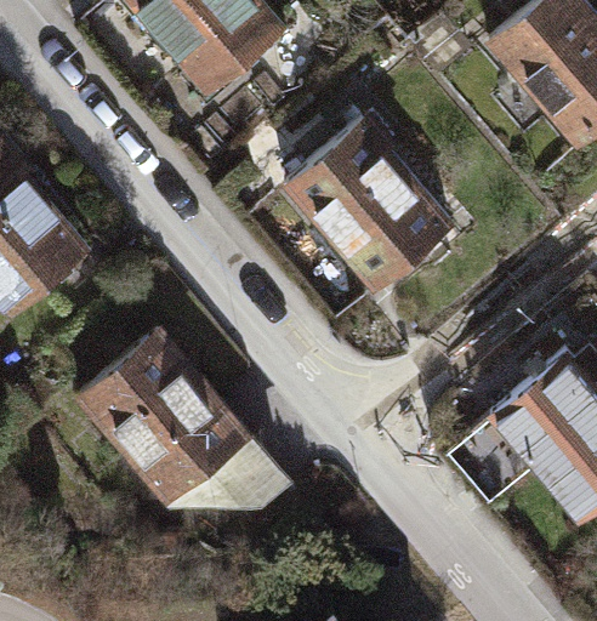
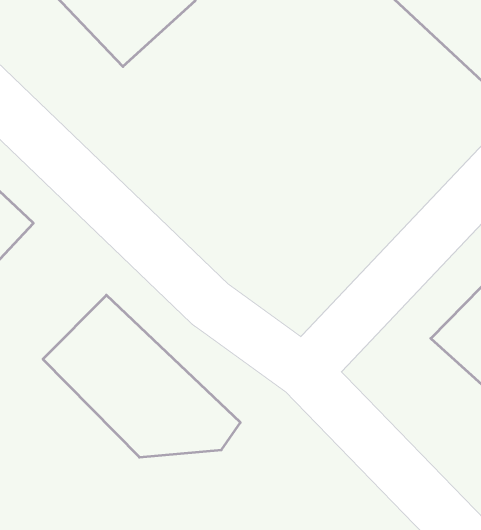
building: [290,121,447,285] -> none

